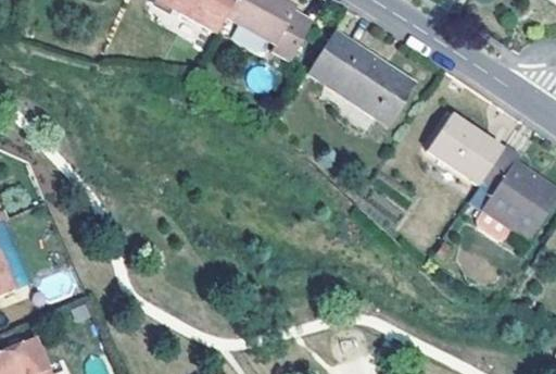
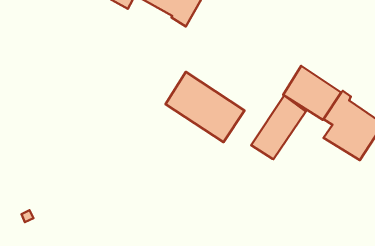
building: [308,29,415,124] -> [166,72,244,142]
building: none -> [251,95,306,159]

